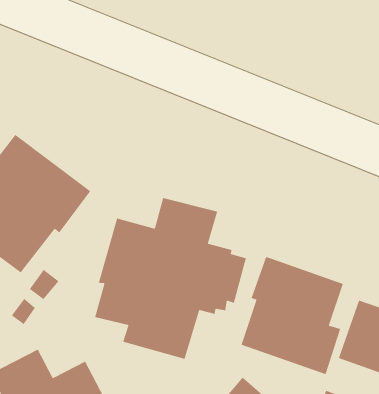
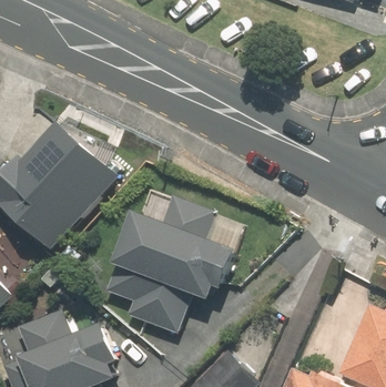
building: [241,256,344,375] -> none

